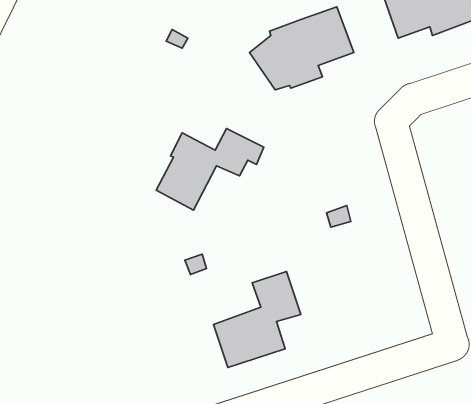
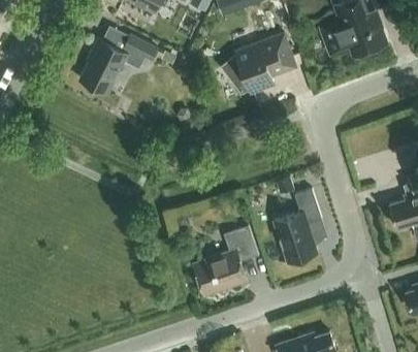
building: [156,129,264,210] -> [79,35,157,94]
building: none -> [274,190,321,262]

